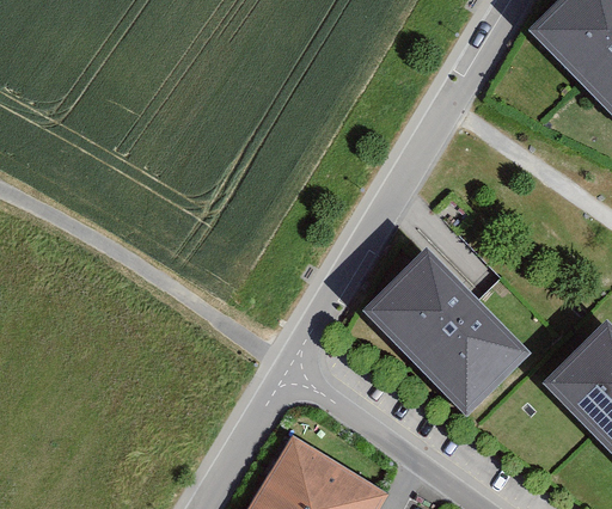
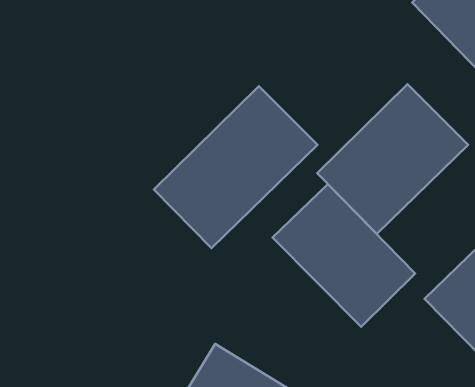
building: none -> [317,84,468,234]
building: none -> [154,86,318,248]

